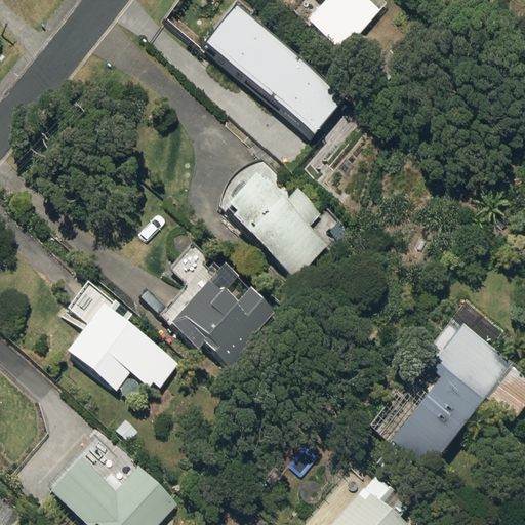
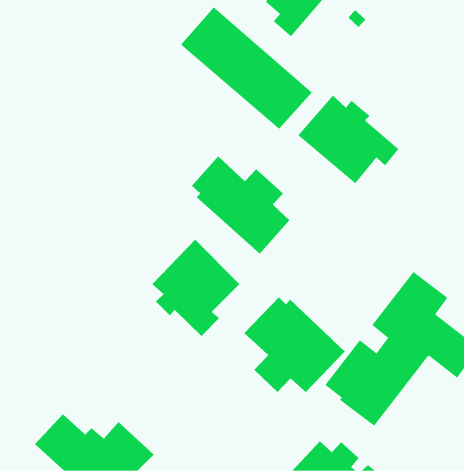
building: none -> [298,95,399,184]
building: [67,306,155,392] -> none
building: none -> [243,297,345,393]

